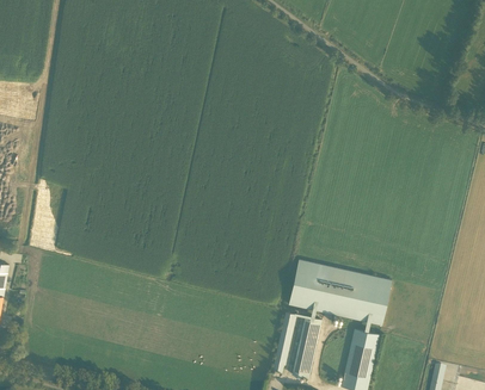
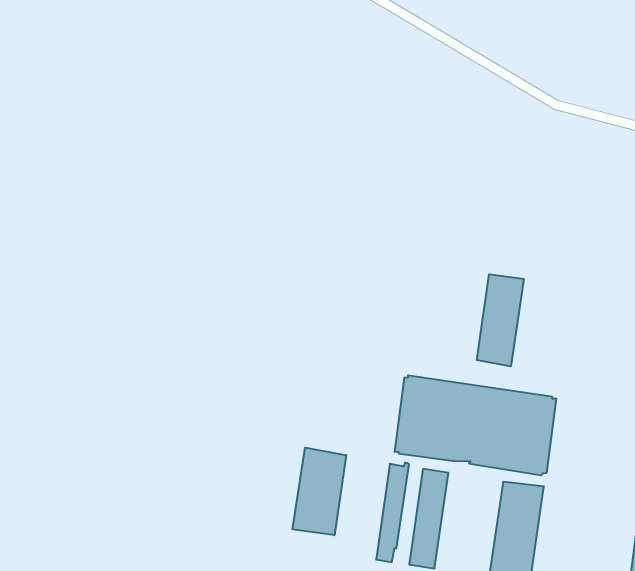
building: none -> [477,274,524,366]
building: none -> [293,448,346,535]

